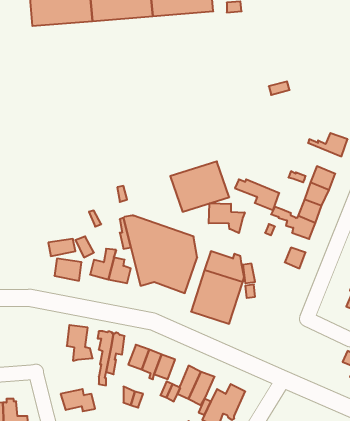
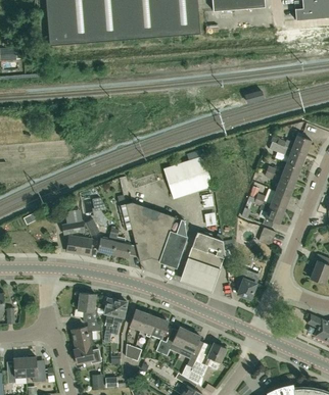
building: [235,179,279,210] -> [269,142,306,167]
building: [209,203,245,233] -> none
building: none -> [237,269,258,300]
building: none -> [70,320,101,350]

